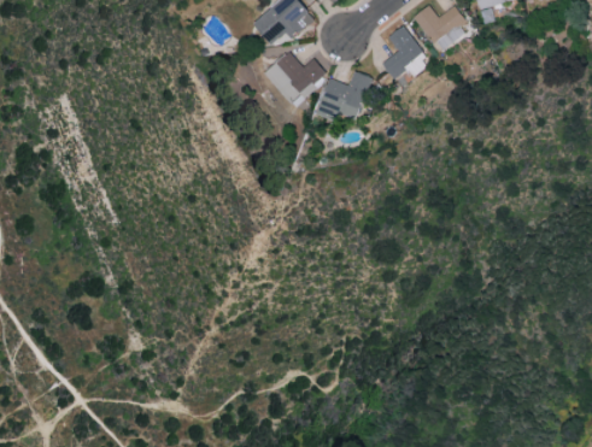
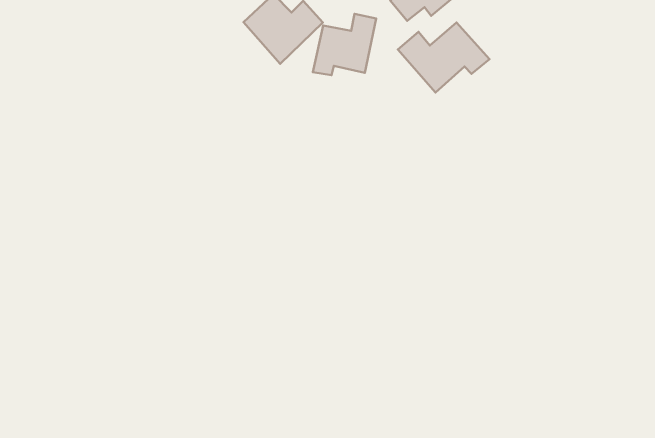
building: none -> [398,22,489,93]

